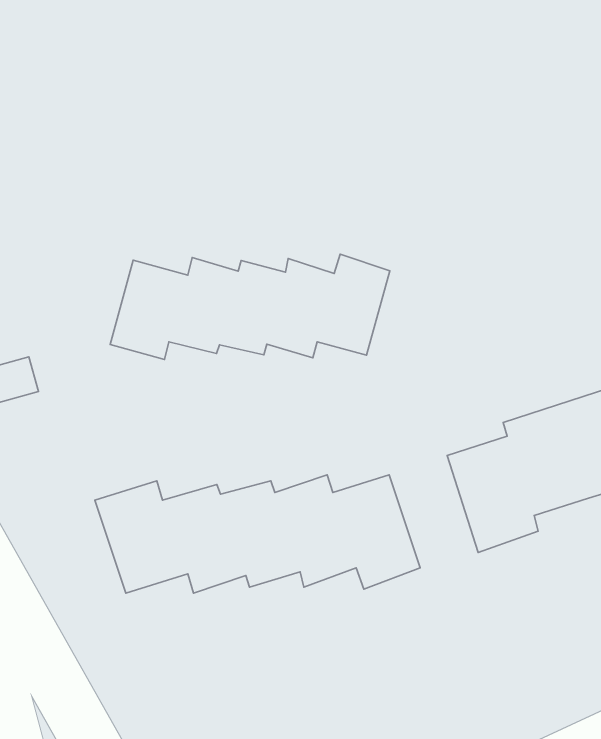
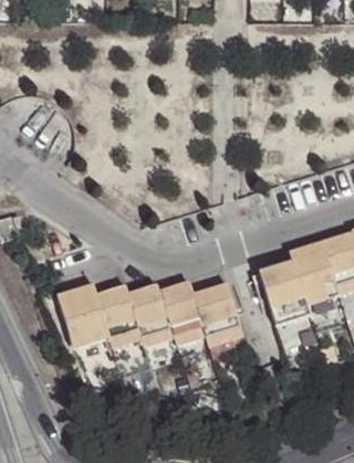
building: [110,254,390,359] -> none

